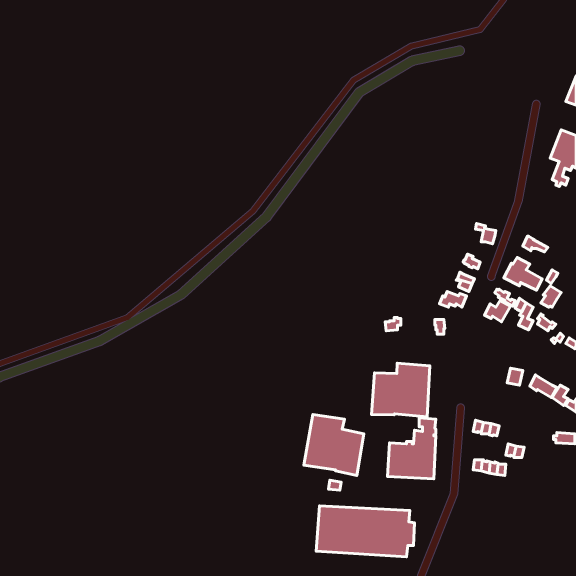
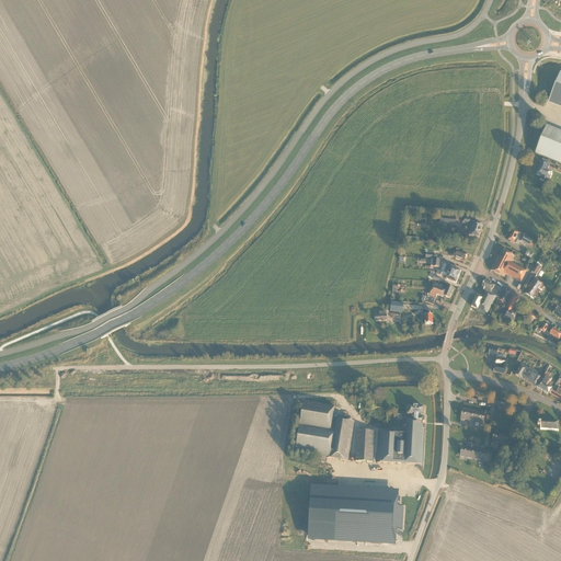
building: [372,363,430,417] -> none
building: none -> [354,428,374,462]

